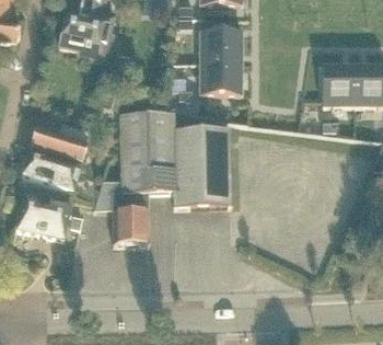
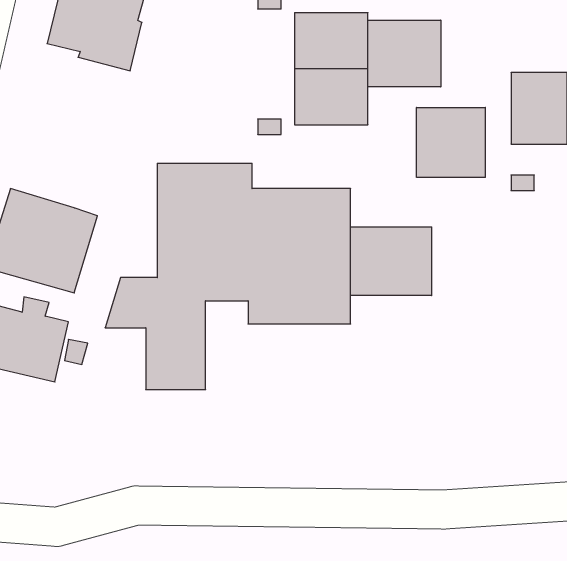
building: none -> [368,20,441,87]
building: none -> [417,107,485,177]
building: none -> [351,227,432,296]

